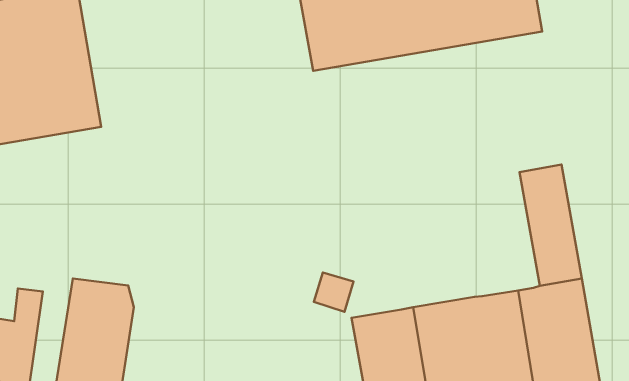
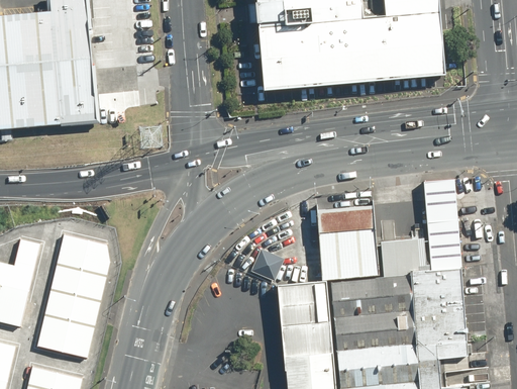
building: none -> [312,206,375,282]
building: none -> [378,237,421,277]

